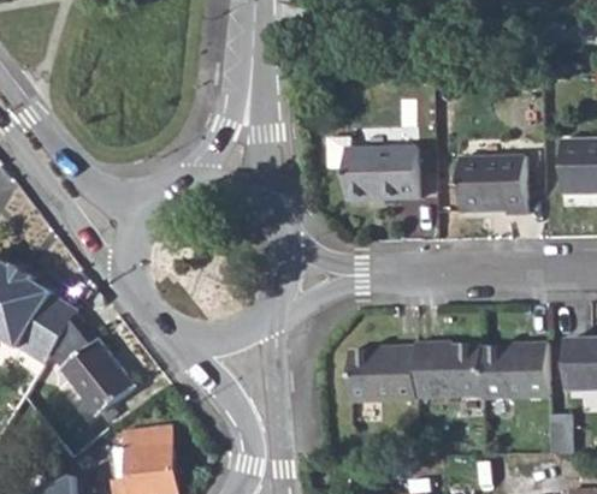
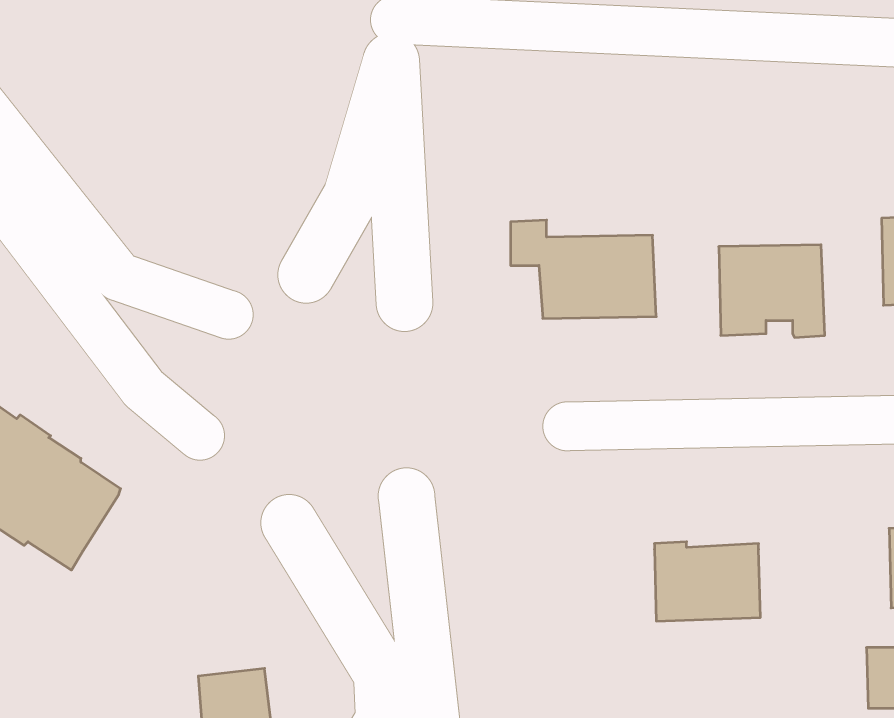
building: [53,315,134,417] -> none
building: [483,344,550,395] -> none
building: [350,350,418,401] -> none

